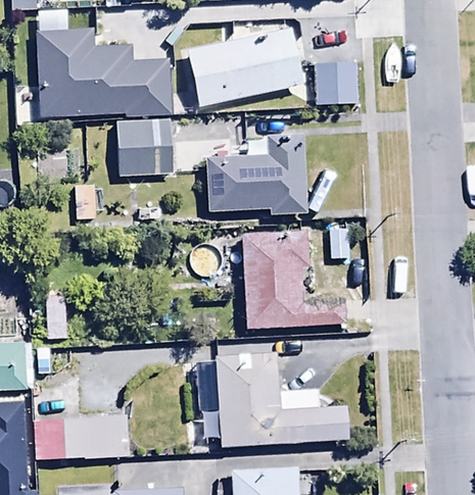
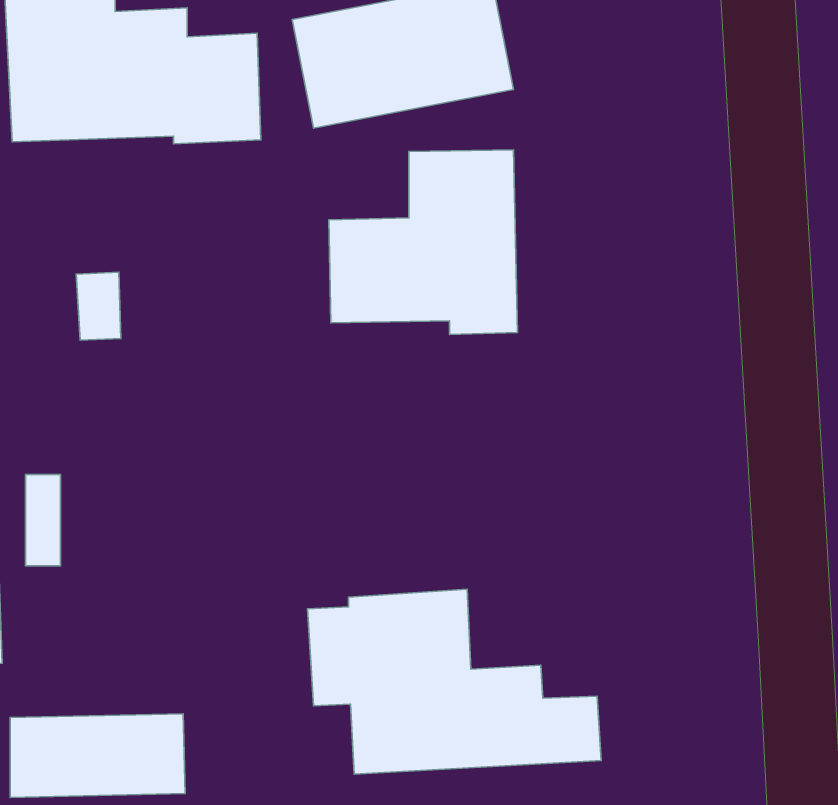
building: [313,62,358,105] -> none
building: [116,119,175,176] -> none
building: [242,230,341,331] -> none

